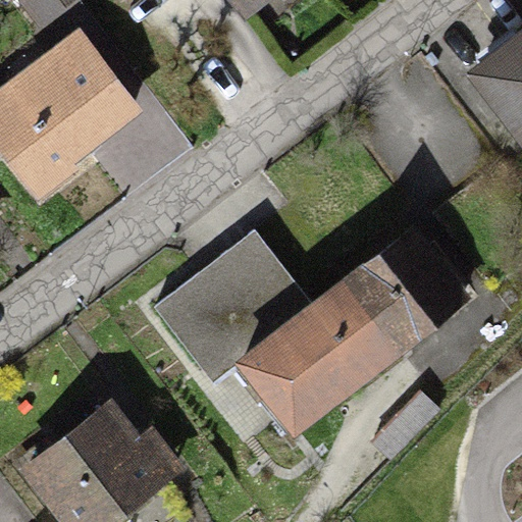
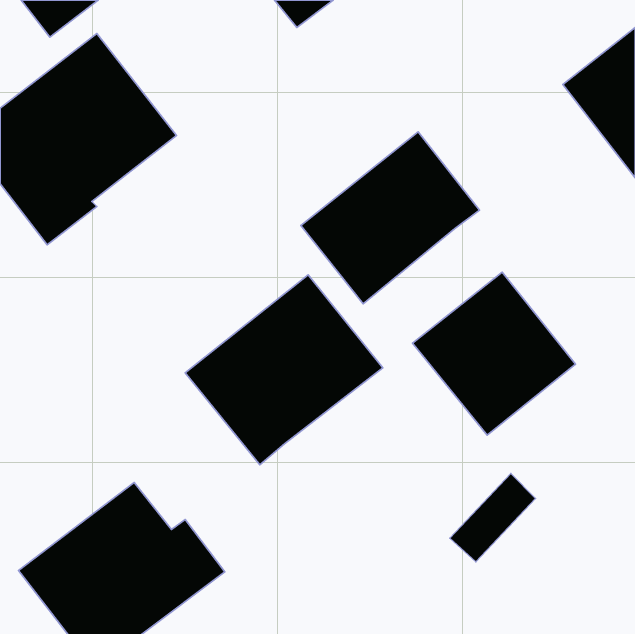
building: none -> [301,132,479,304]
building: [233,282,400,440] -> none

